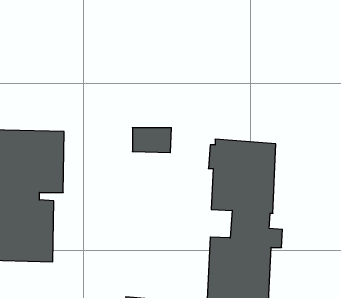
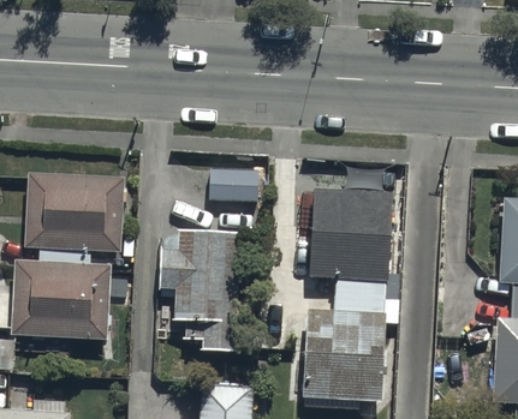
building: none -> [162,226,242,347]

